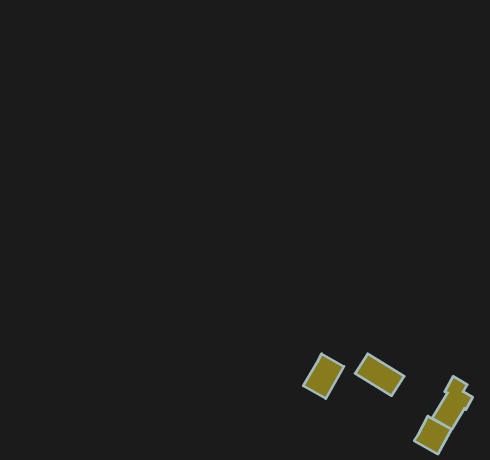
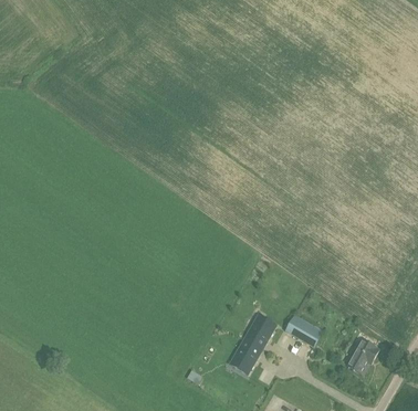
building: none -> [229,339,261,373]
building: [414,416,452,454] -> none

